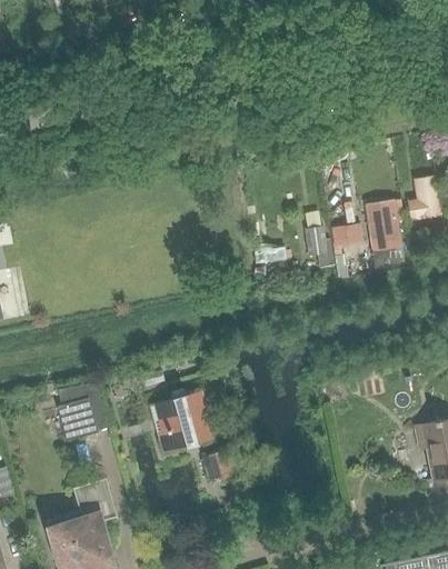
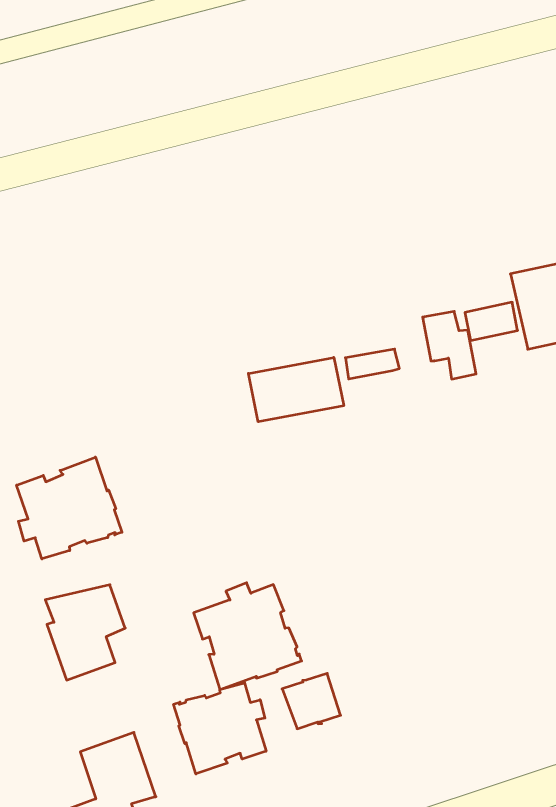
building: none -> [248,357,344,422]
building: none -> [17,457,122,559]
building: none -> [174,683,266,774]

